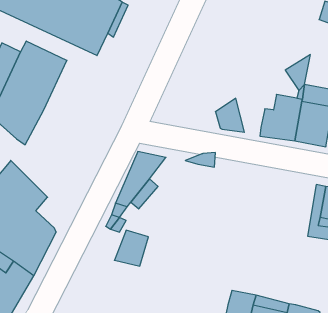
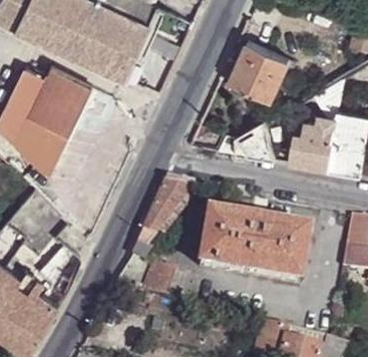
building: none -> [230,41,290,99]
building: none -> [198,215,306,284]

